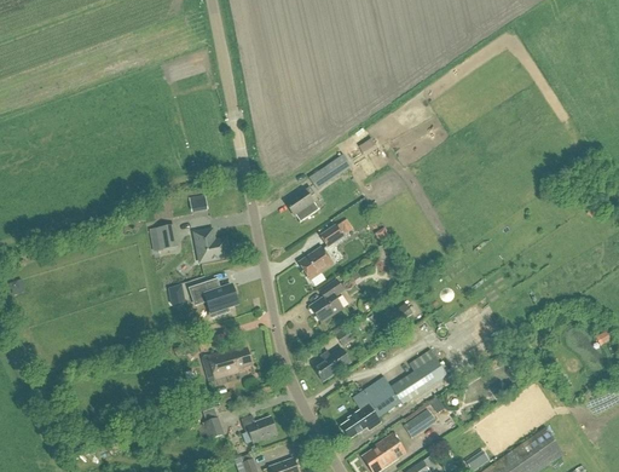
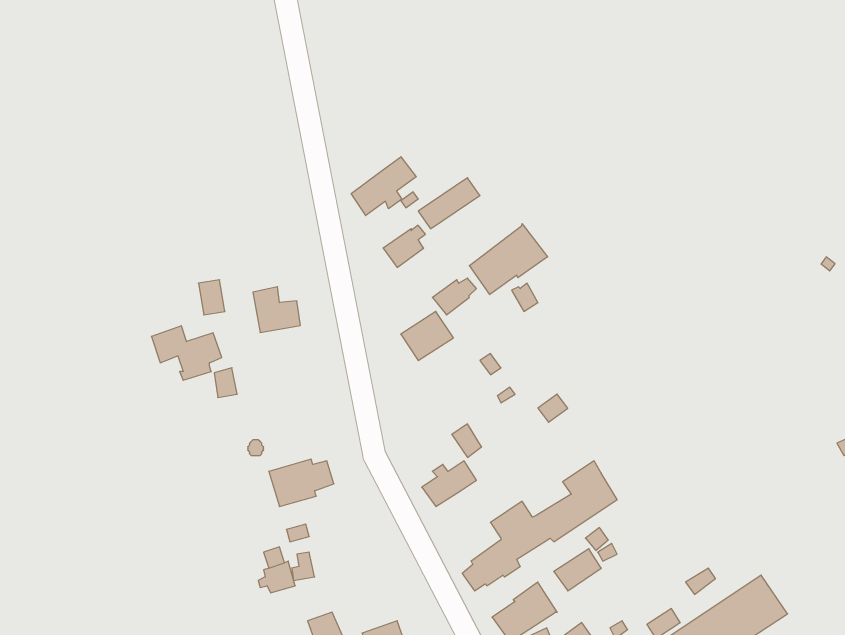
building: none -> [351,157,416,216]
building: none -> [469,224,548,295]
building: [310,278,343,323] -> none
building: [189,281,237,318] -> [151,326,222,380]
building: [242,415,277,442] -> none

